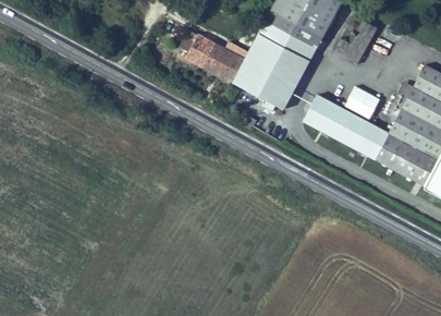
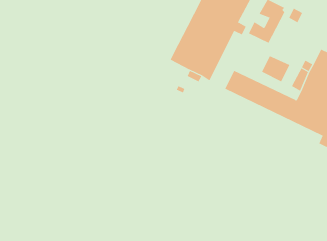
building: [181,34,243,83] -> none

